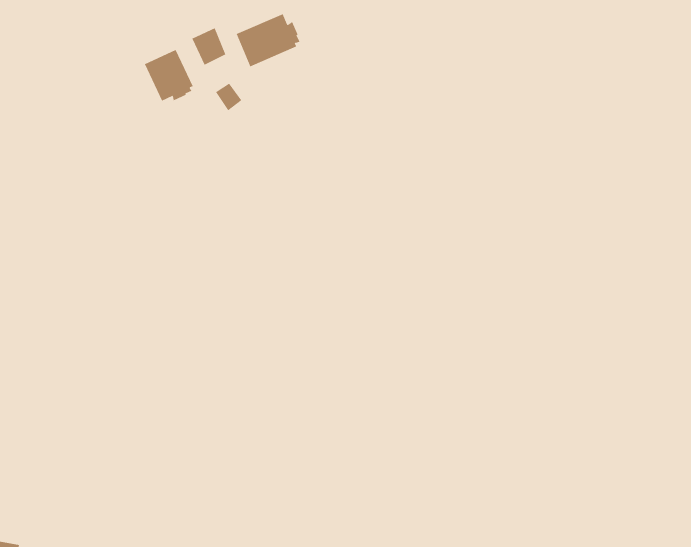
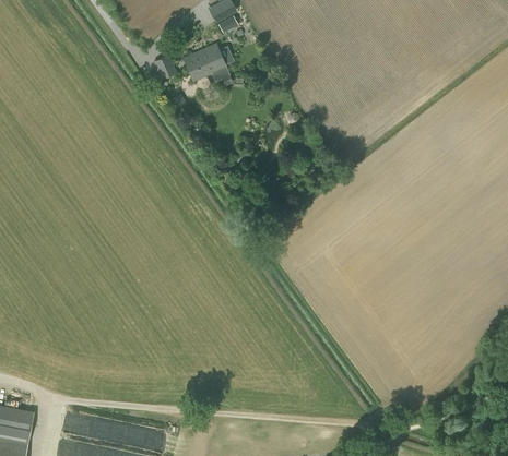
building: [144,49,193,101] -> none

